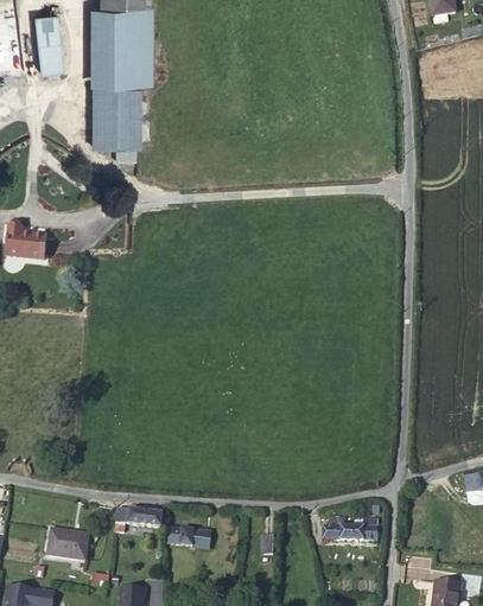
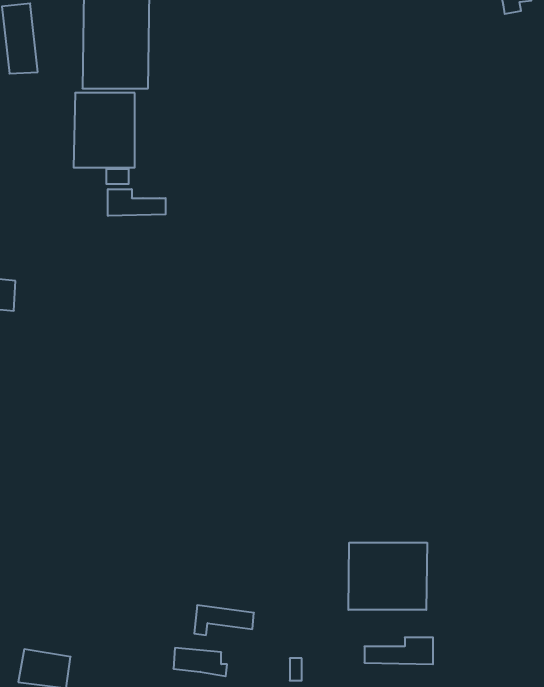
building: none -> [108,189,166,216]
building: none -> [348,543,427,610]
building: [114,508,161,531] -> [194,605,254,635]

